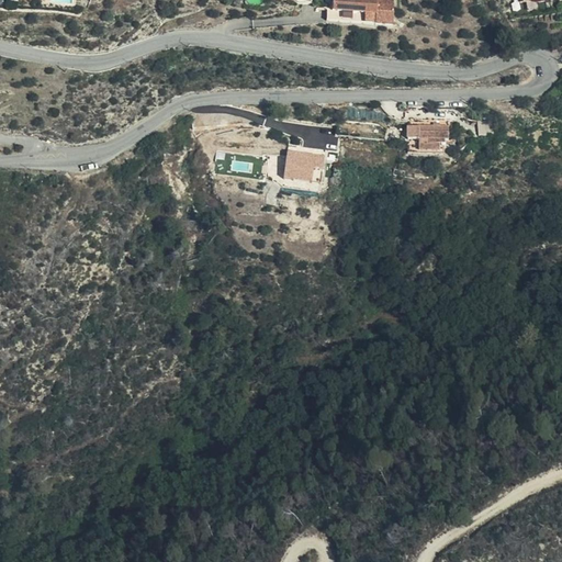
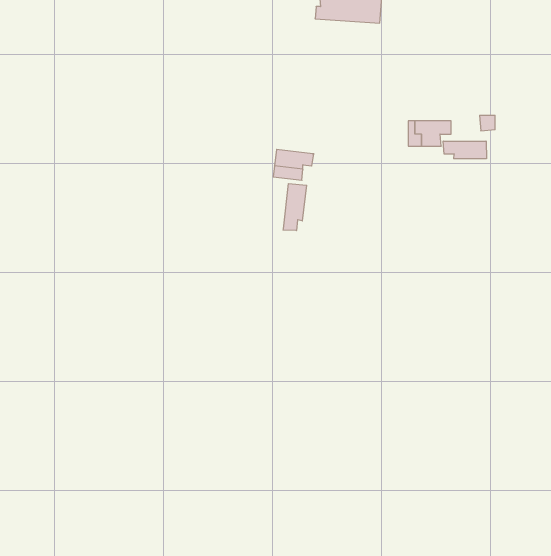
building: none -> [443,141,486,159]
building: none -> [283,184,307,231]

